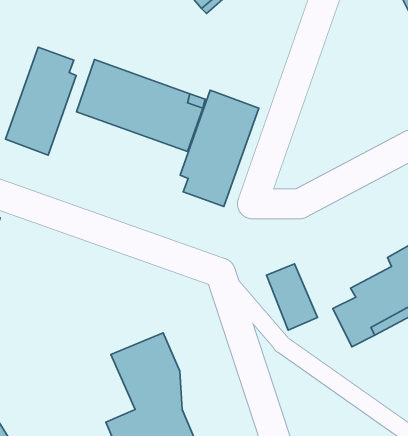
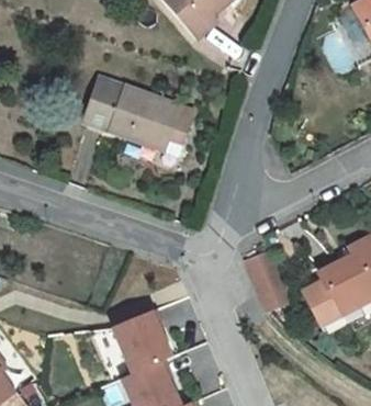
building: [6,47,76,155] -> none
building: [180,90,259,206] -> none

